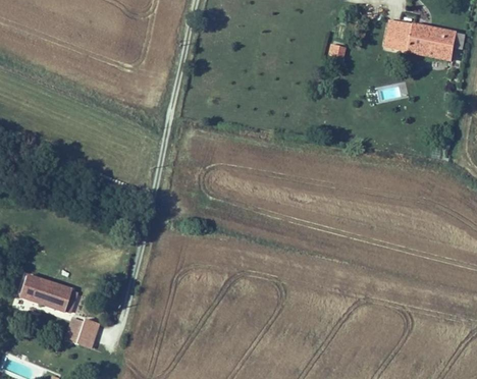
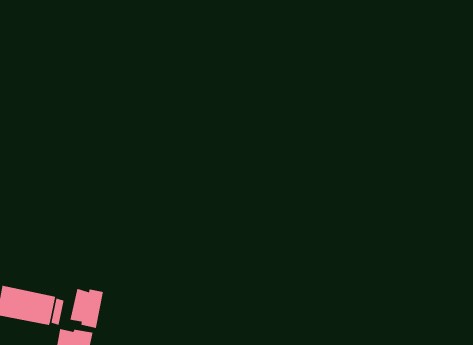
building: none -> [70,288,104,329]

